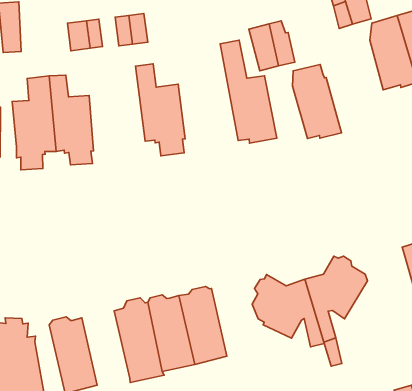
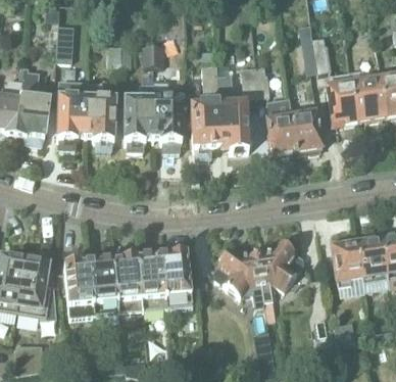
building: none -> [191,63,220,157]
building: none -> [125,74,152,149]
building: none -> [289,103,323,151]
building: none -> [89,256,118,313]

